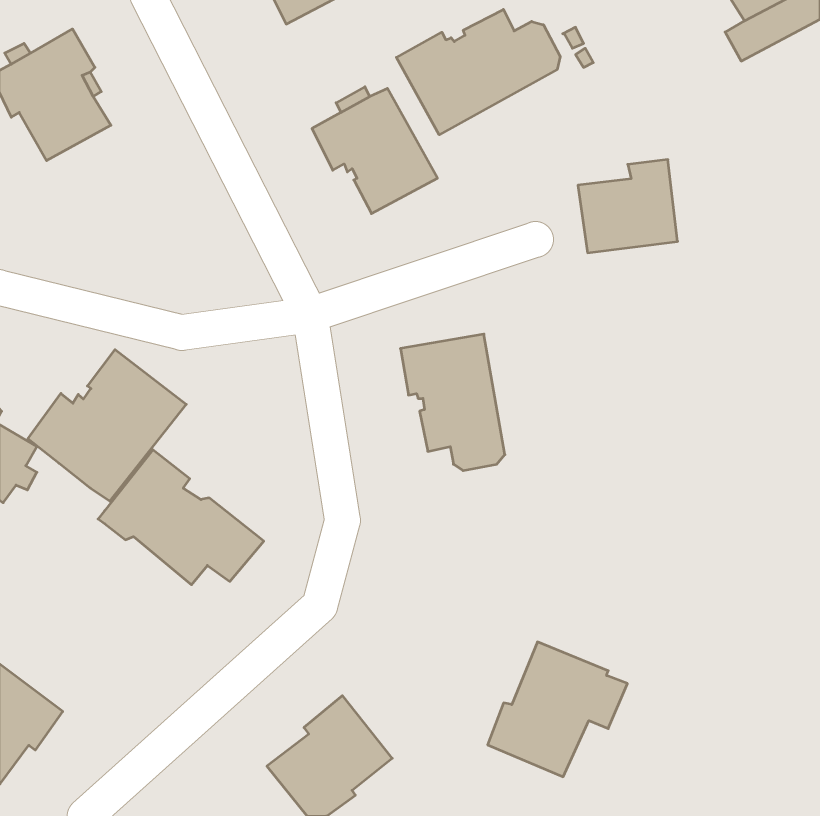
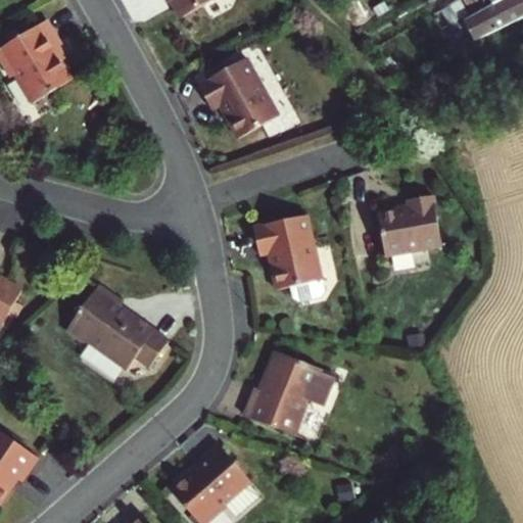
building: [396,9,560,135] -> none
building: [578,160,678,253] -> [378,199,441,258]
building: [28,350,186,501] -> none
building: [488,642,627,777] -> [246,351,335,437]

